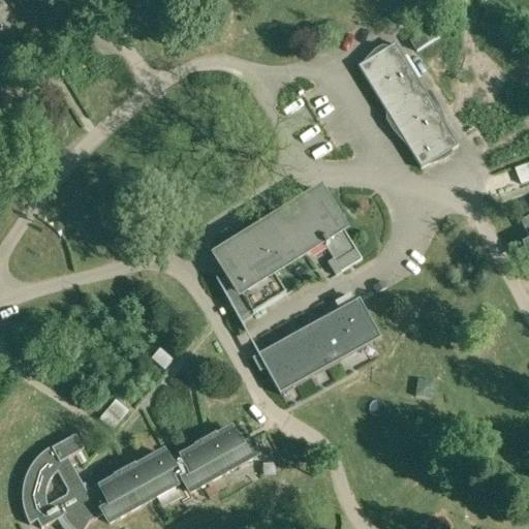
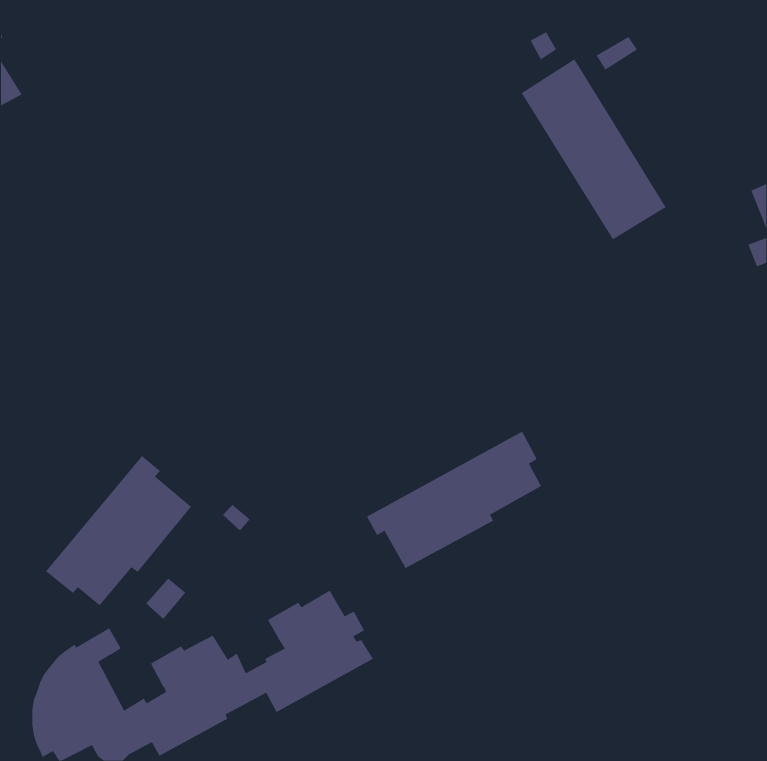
building: [217,189,362,317] -> none
building: none -> [45,455,192,606]

